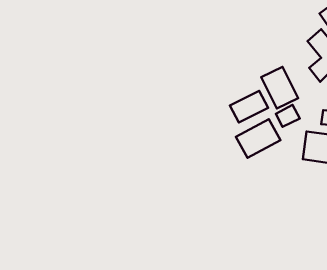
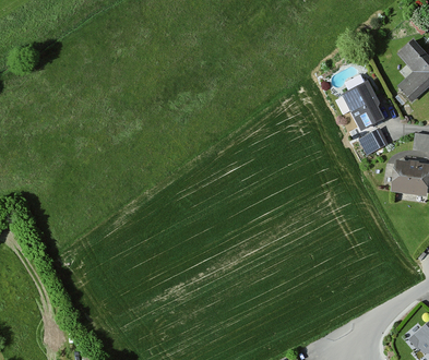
building: [230,91,268,123] -> none
building: [236,119,281,158] -> none

